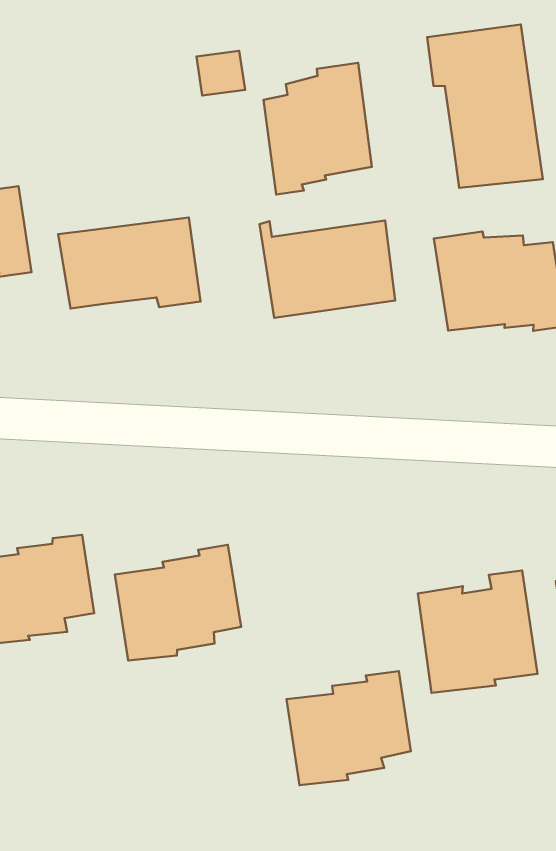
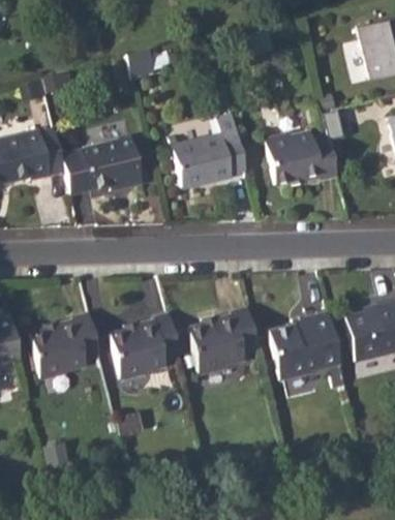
building: [427,25,543,188] -> none
building: [263,63,372,195] -> none
building: [286,671,411,785] -> [189,307,259,373]

